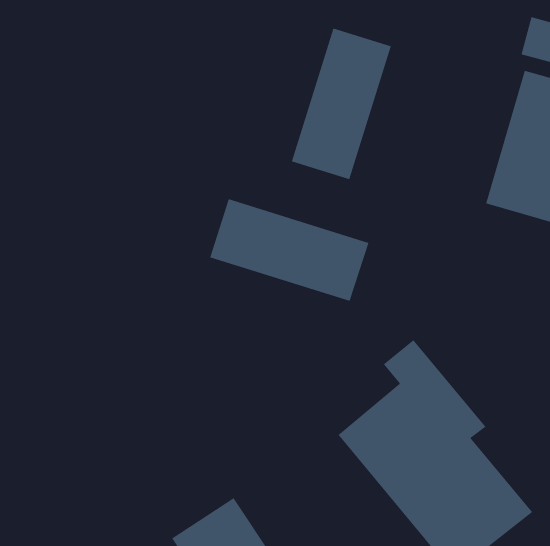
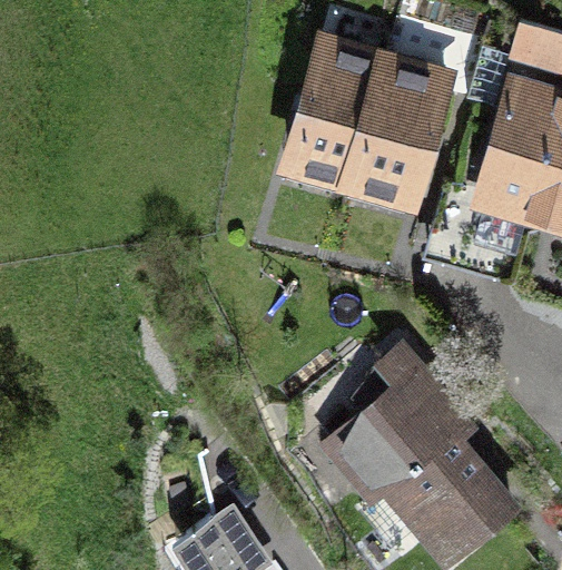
building: none -> [343,56,456,209]
building: [209,198,369,302] -> none

